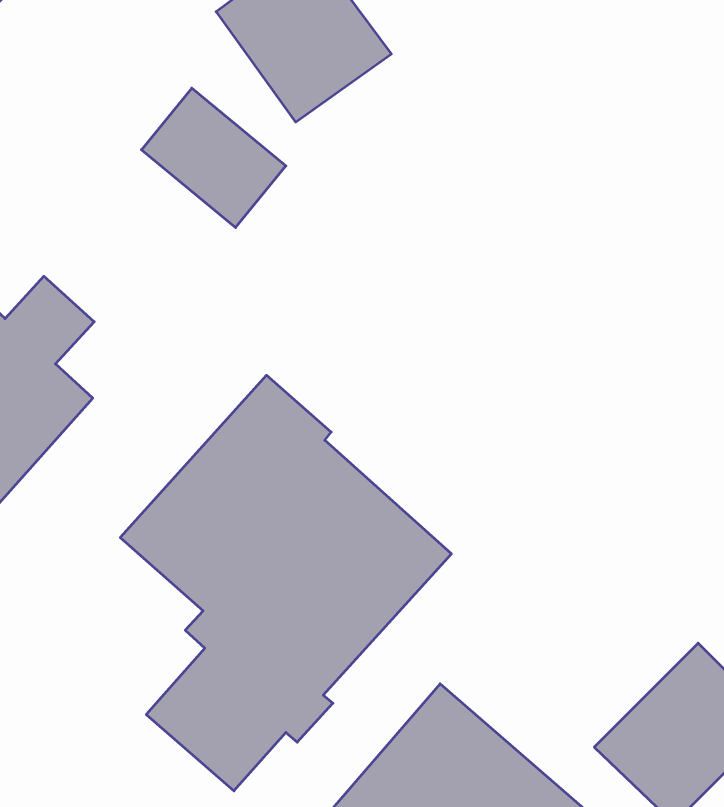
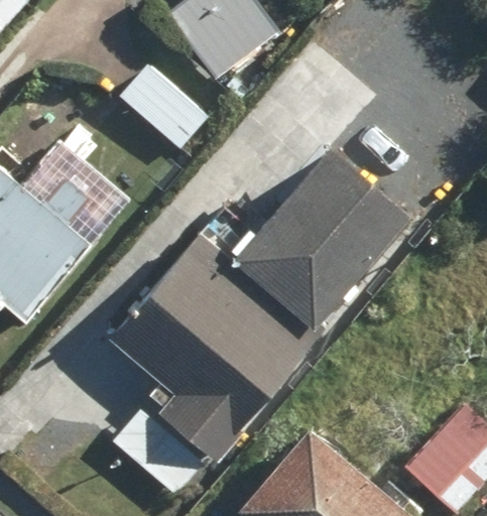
building: none -> [234,147,410,328]

